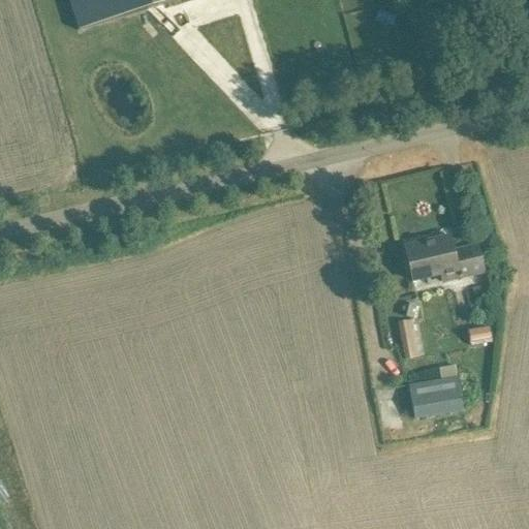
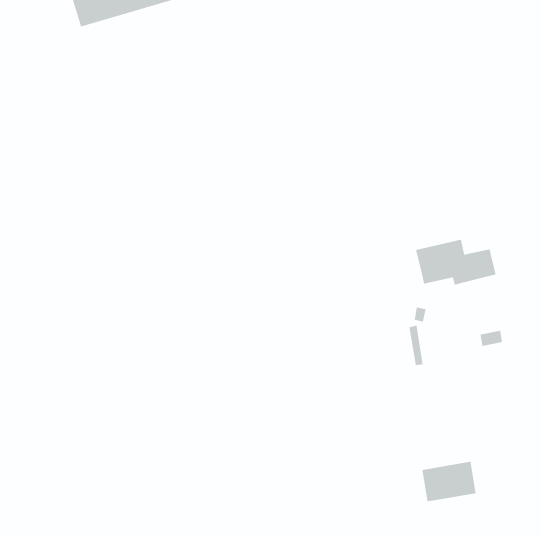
building: [410,375,464,415] -> [421,461,476,502]

